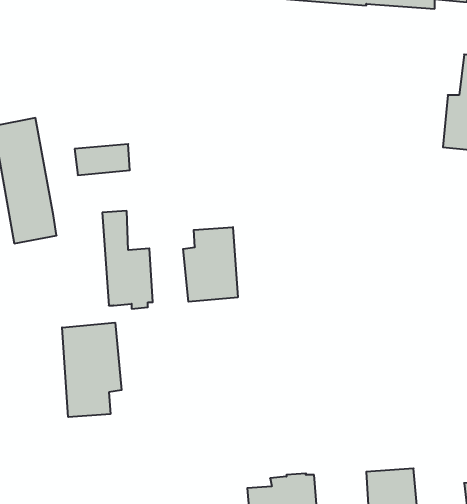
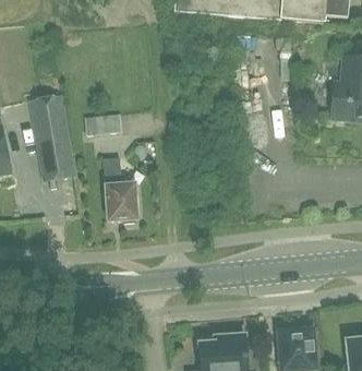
building: [183,227,238,302] -> none
building: [62,323,122,417] -> none

